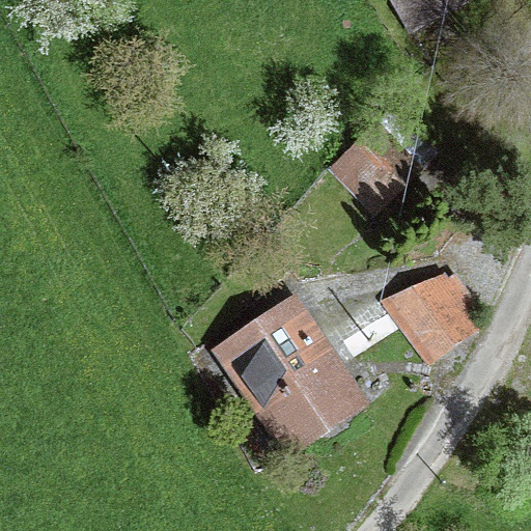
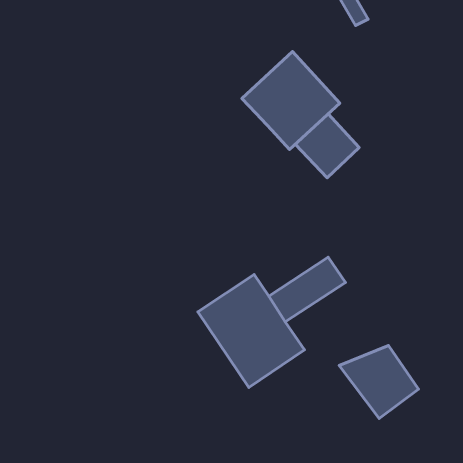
building: none -> [242,51,340,149]
building: [385,278,475,361] -> [339,345,418,418]

